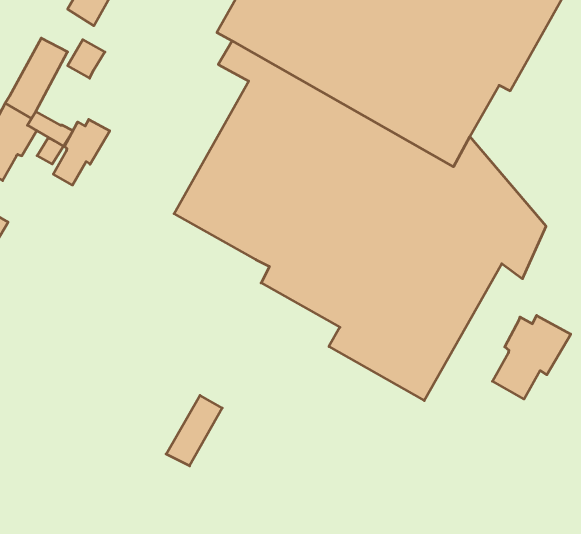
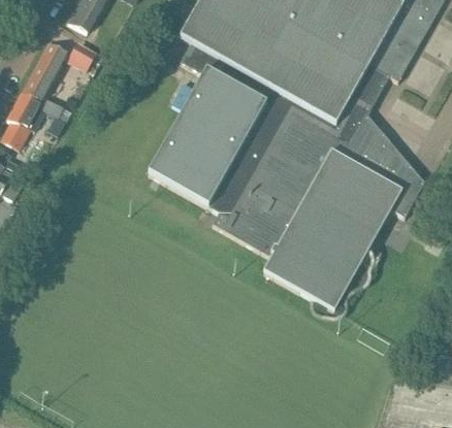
building: [53,119,110,185] -> none
building: [492,315,571,399] -> none
building: [166,395,222,466] -> none

